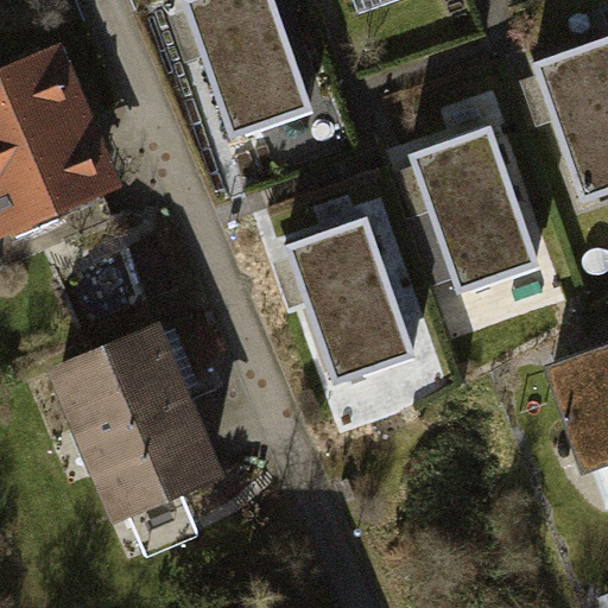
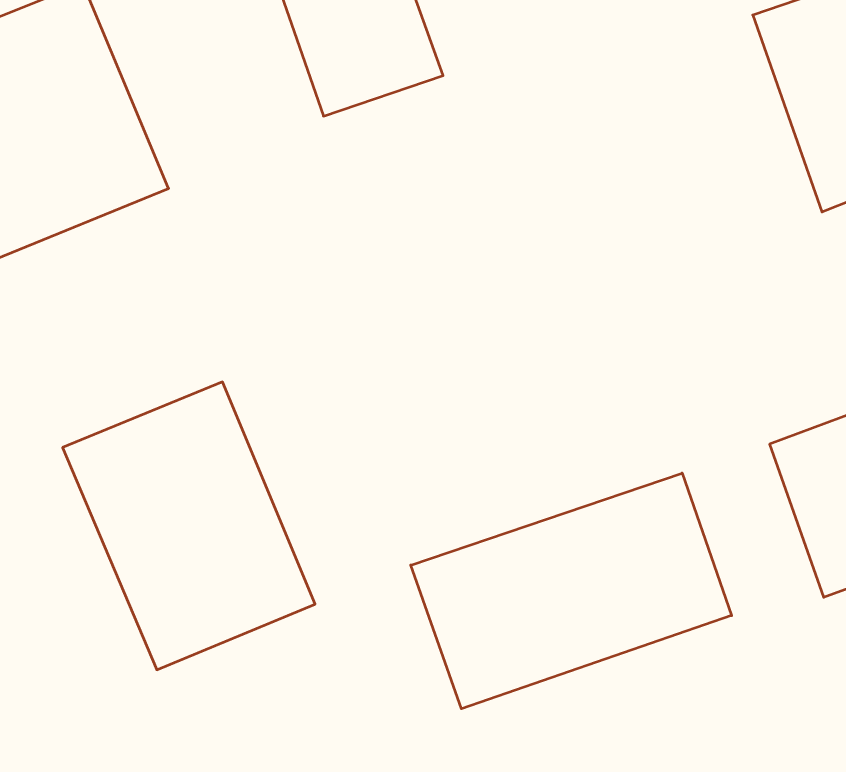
building: [411,124,540,291] -> none
building: [285,215,416,381] -> none
building: none -> [411,473,732,709]

